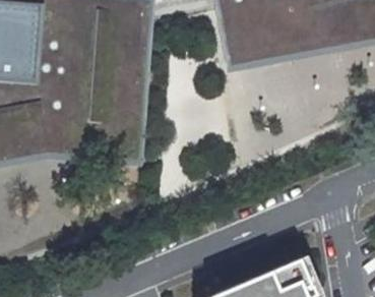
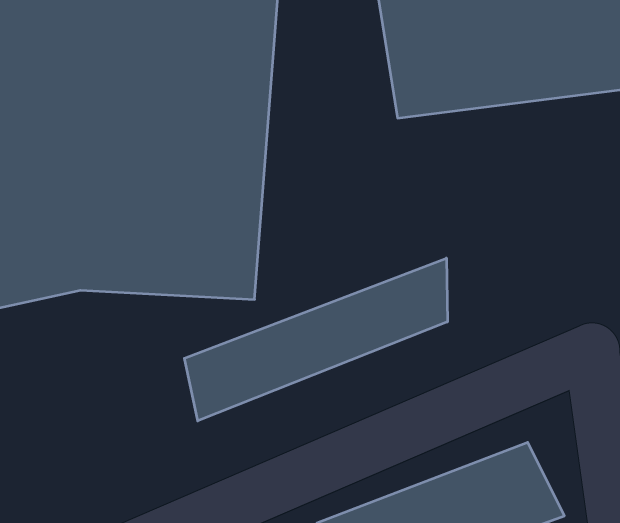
building: none -> [184,258,447,421]

